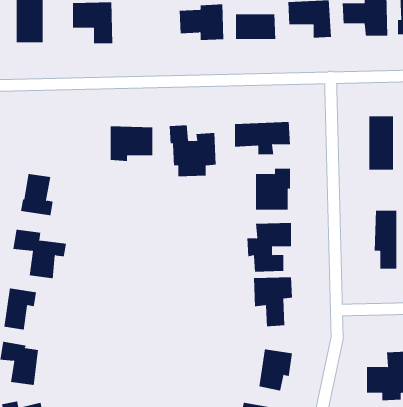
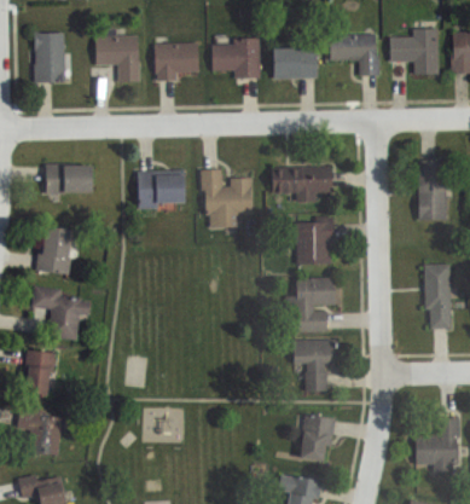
building: none -> [155,44,199,81]
building: none -> [43,162,94,189]

